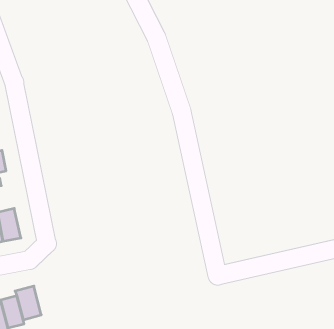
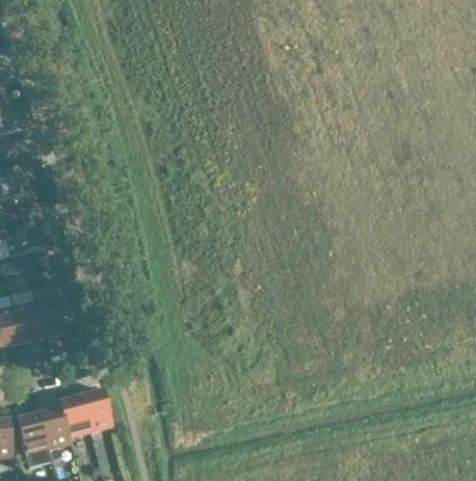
building: none -> [80,390,111,431]

